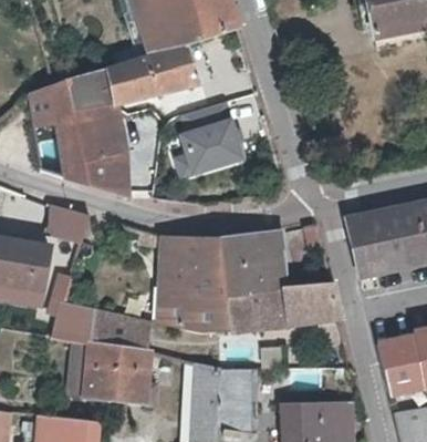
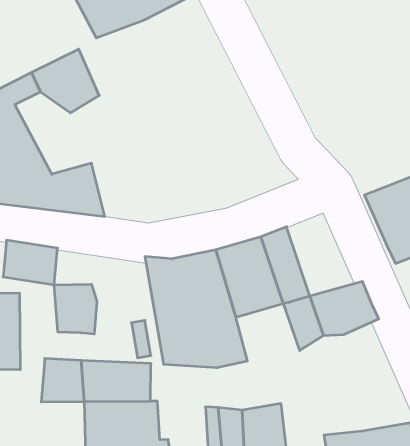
building: [136,44,206,99] -> none
building: [77,88,131,155] -> none
building: [183,97,243,169] -> none
building: none -> [54,284,97,334]
building: [225,290,271,331] -> none

